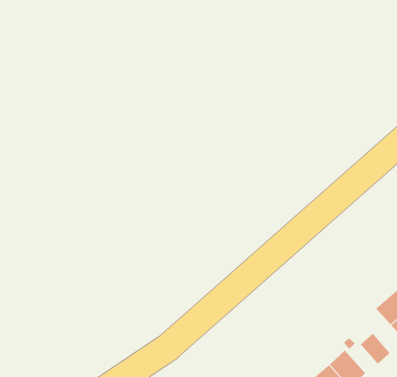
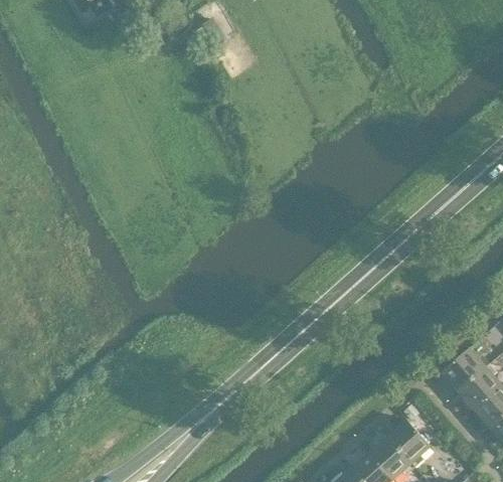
building: [360,333,390,364] -> none

